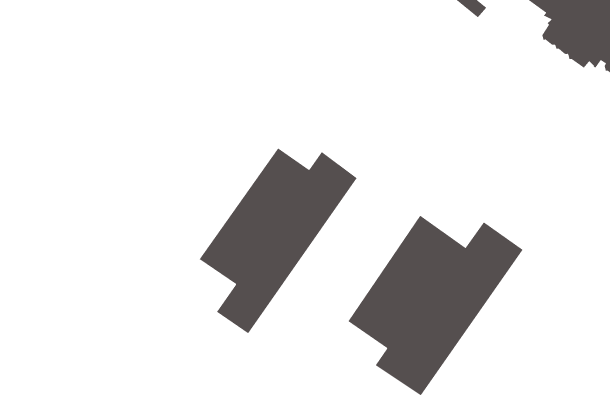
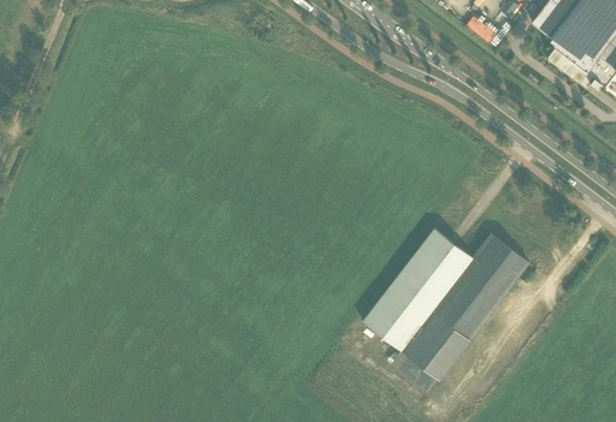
building: [199,148,358,334] -> none

